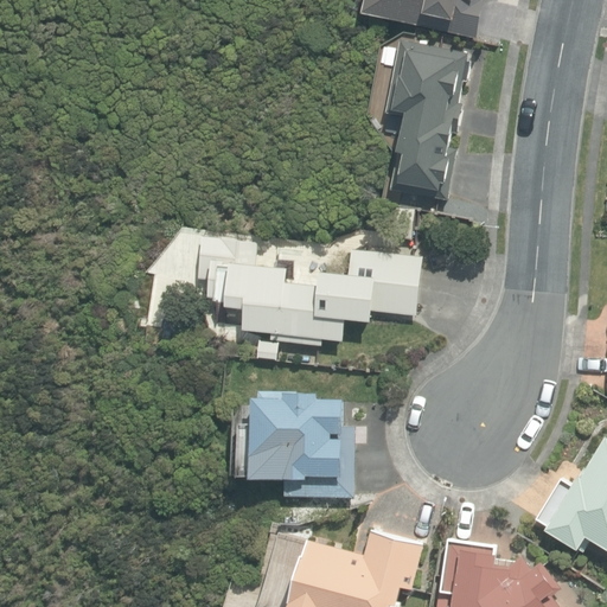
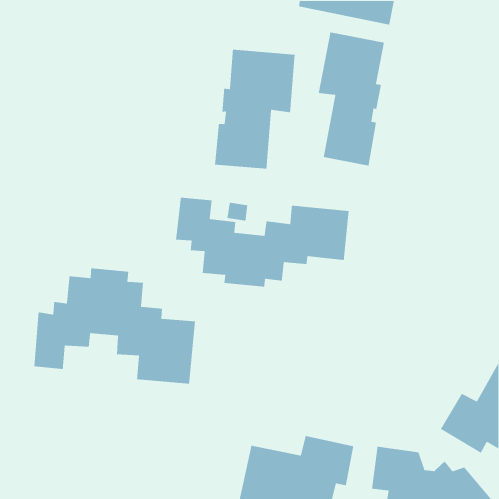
building: none -> [214,49,296,170]
building: none -> [33,268,196,385]
building: [236,391,350,498] -> none

